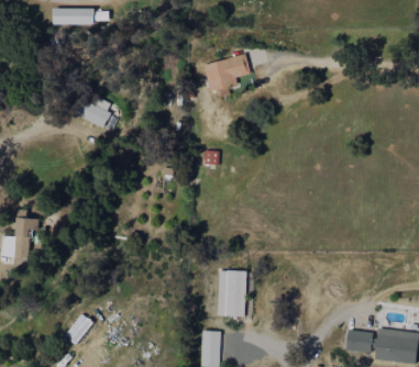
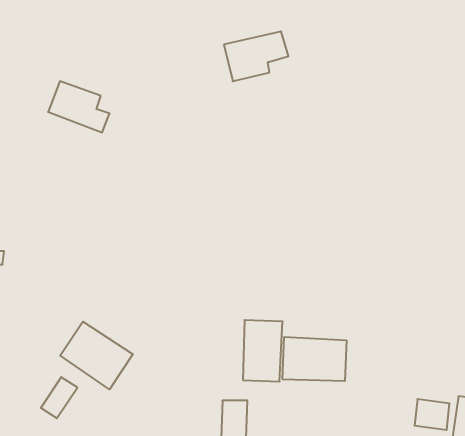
building: none -> [60,322,133,389]
building: none -> [283,337,346,381]

